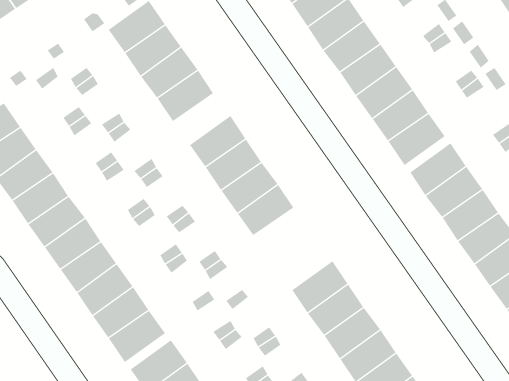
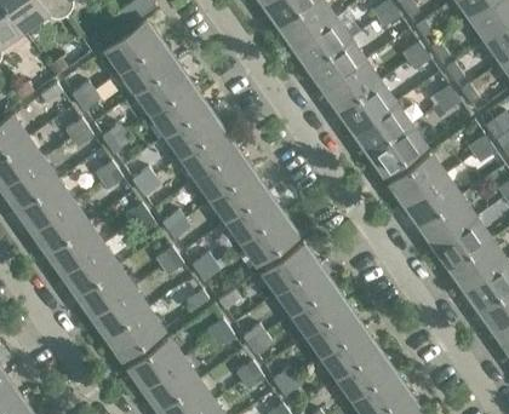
building: none -> [167,108,222,156]
building: none -> [242,214,297,264]
building: none -> [263,242,318,292]

